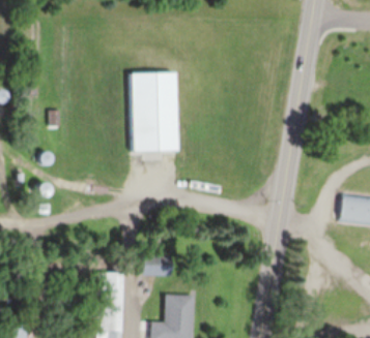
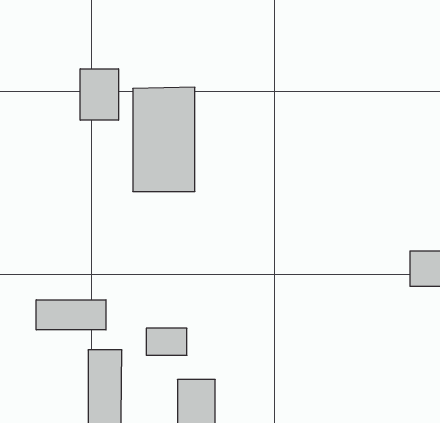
building: none -> [80,69,118,120]
building: none -> [36,300,106,330]

